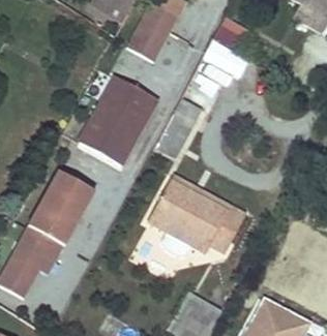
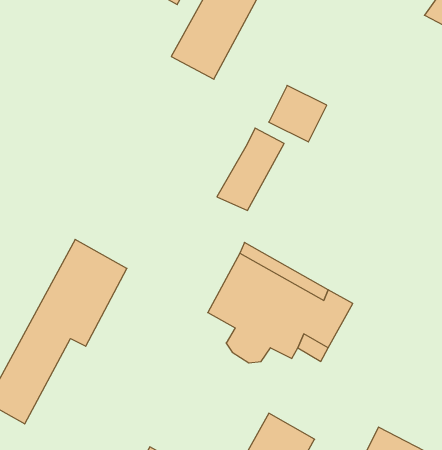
building: [81,73,159,162] -> none

